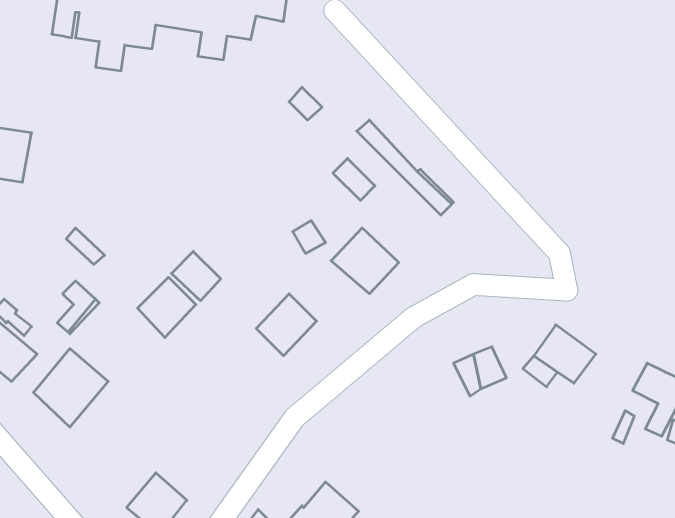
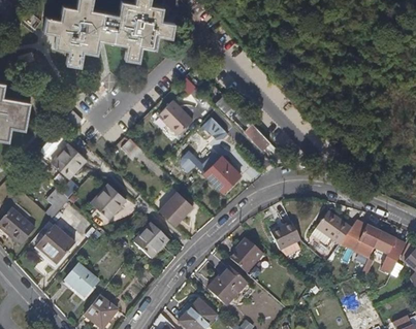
building: none -> [160,102,195,137]
building: [171,251,221,301] -> [57,143,85,171]
building: none -> [352,222,380,248]
building: none -> [135,224,168,257]
building: none -> [230,239,263,273]
building: none -> [63,264,99,300]
building: none -> [205,265,245,305]

